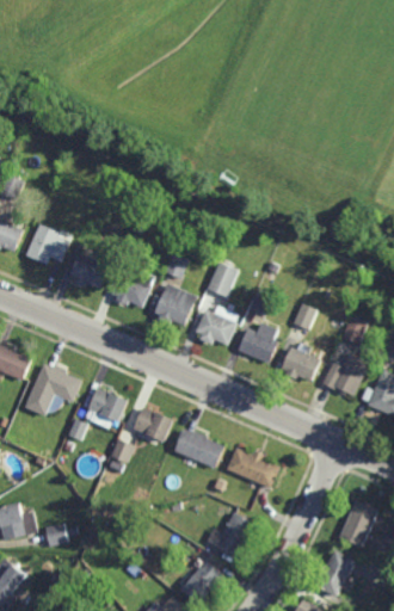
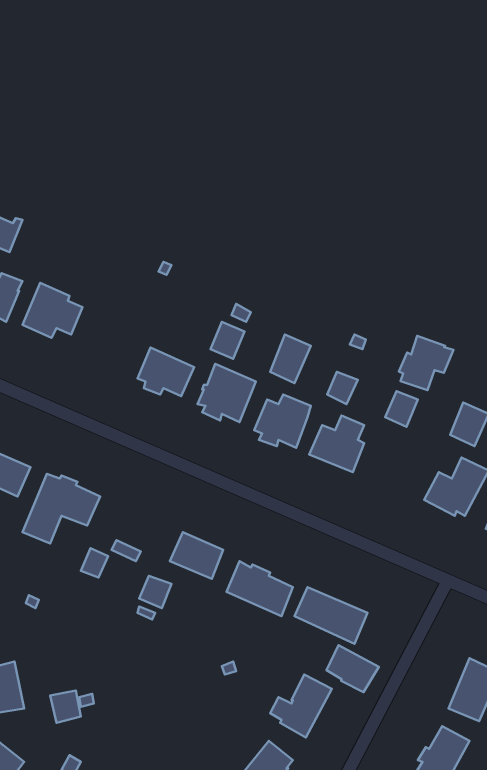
building: [69,253,109,289] -> none
building: none -> [399,336,453,390]
building: [281,346,320,382] -> none
building: [88,387,129,421] -> none
building: none -> [326,645,379,692]

